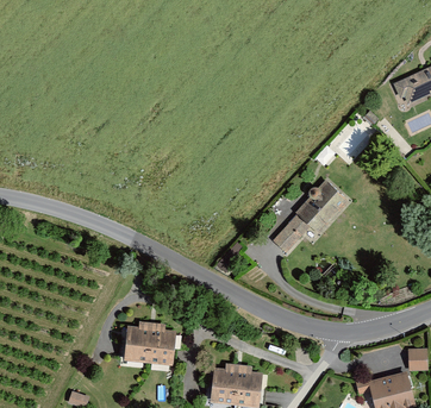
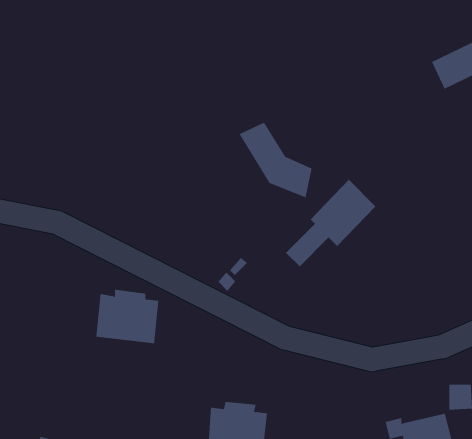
building: none -> [239,122,312,198]
building: [123,322,175,368] -> [96,289,159,344]

